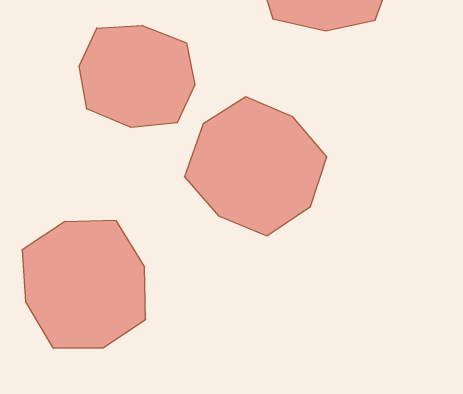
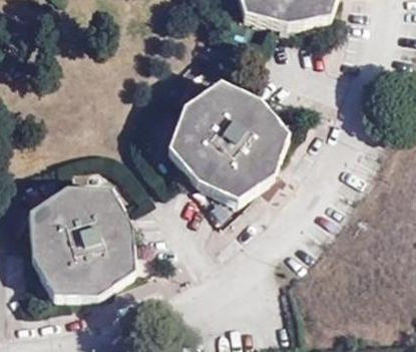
building: [79,25,195,127] -> none

